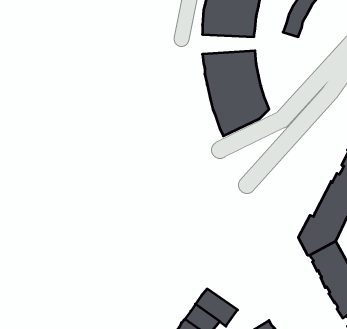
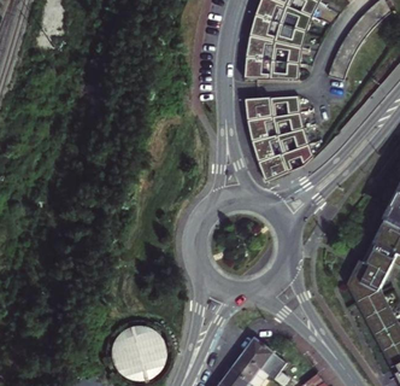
building: none -> [114,323,164,373]

